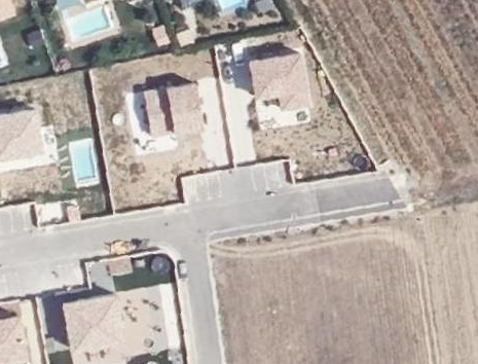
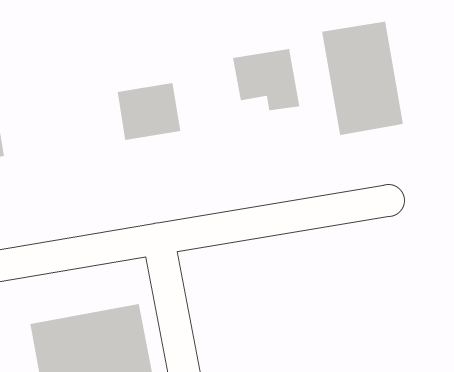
building: none -> [322,21,404,136]

